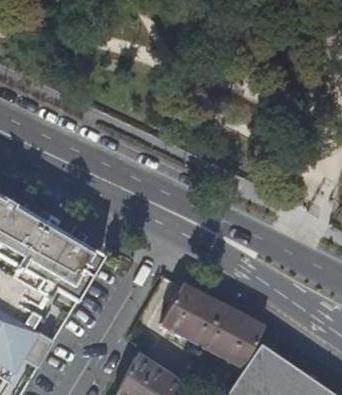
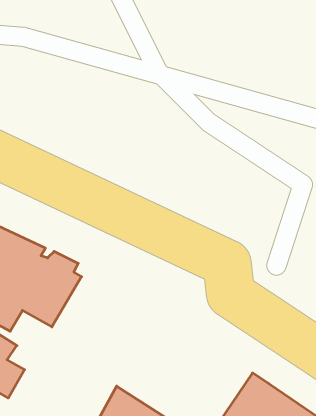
building: [161,286,263,367] -> none

